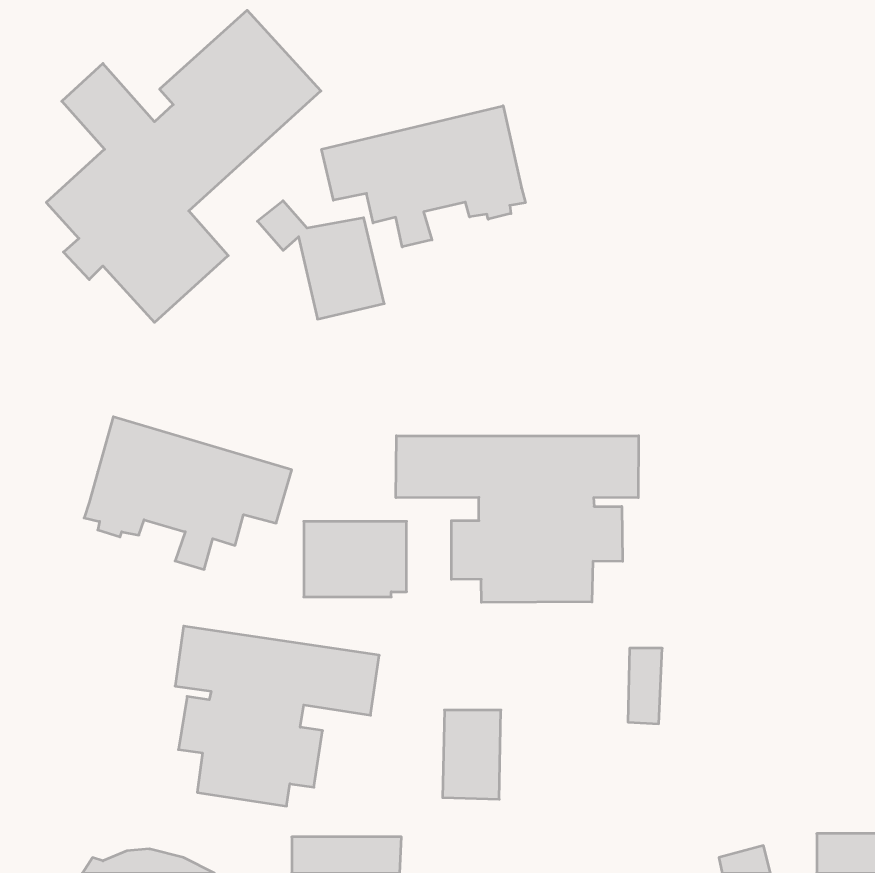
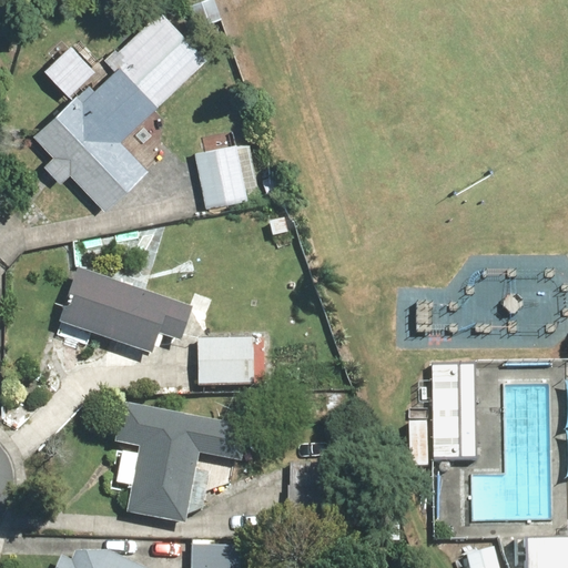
building: [322,106,525,247] -> none
building: [396,436,639,602] -> none
building: none -> [432,362,474,463]

